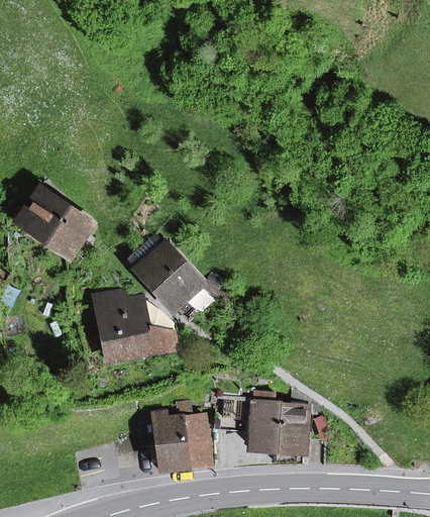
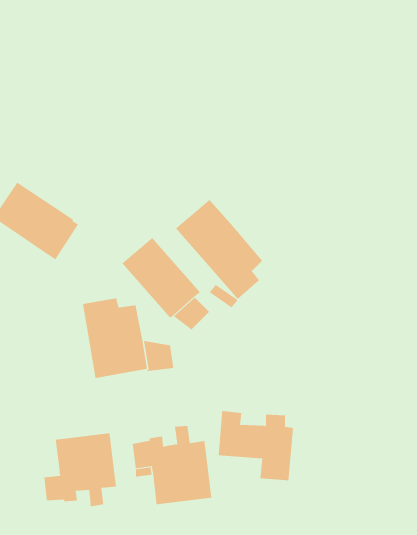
building: none -> [175,199,263,300]
building: [278,389,317,452] -> none
building: none -> [44,433,117,507]

